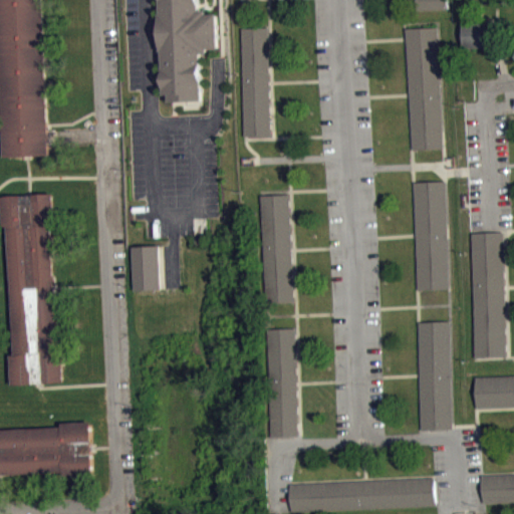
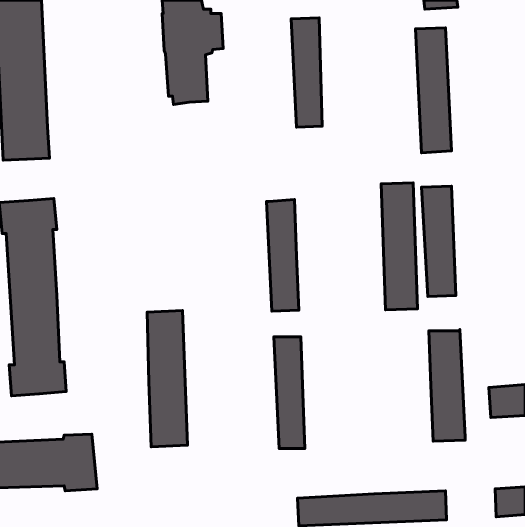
building: [459,22,492,48] -> none
building: [240,27,270,134] -> [291,18,322,127]
building: [469,232,504,355] -> [381,183,417,310]
building: [132,247,161,289] -> none
building: none -> [147,311,187,447]

